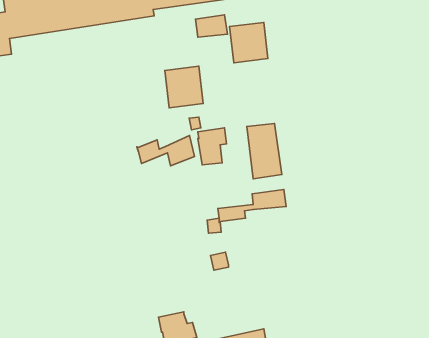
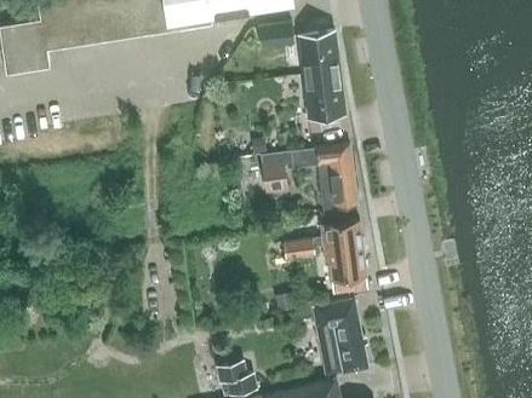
building: [165,66,203,108] -> [303,73,347,120]
building: [137,135,194,166] -> none
building: none -> [325,241,368,293]
building: none -> [314,299,367,376]

